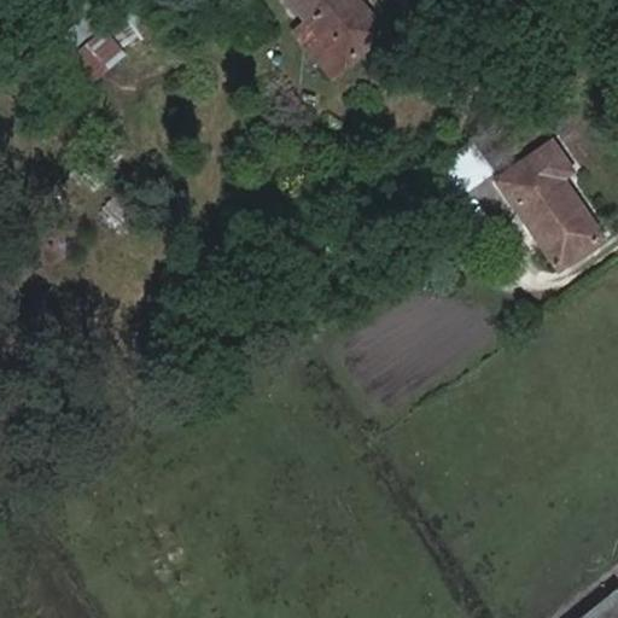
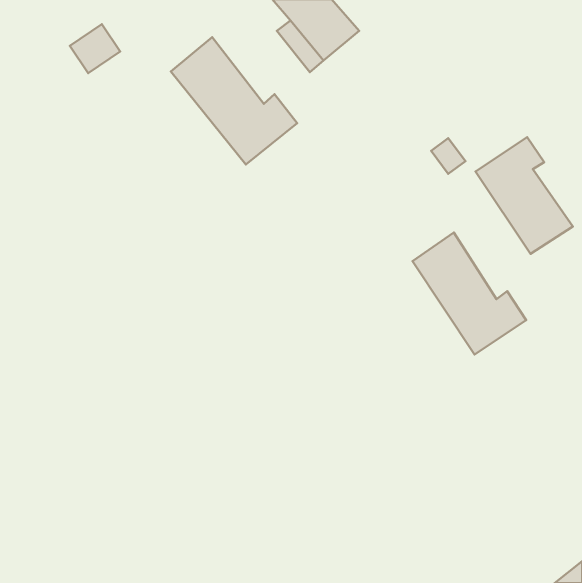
building: none -> [171,37,297,164]
building: none -> [412,233,526,354]

